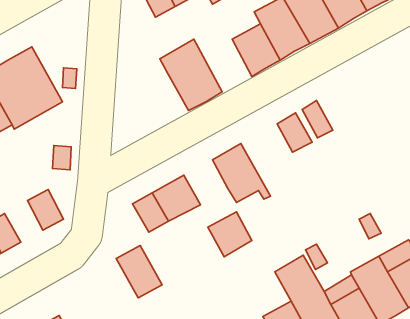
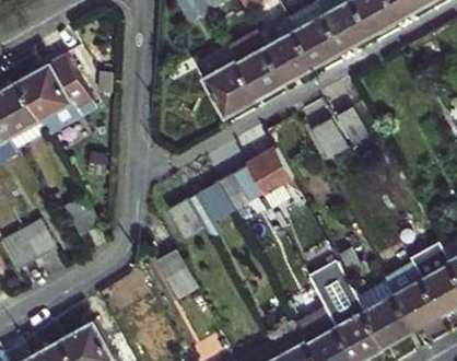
building: none -> [230,30,288,97]
building: [208,212,252,257] -> [220,165,263,210]

